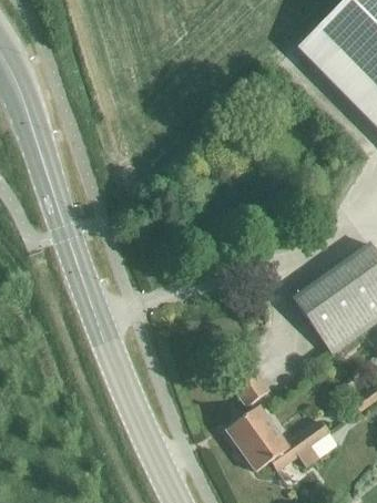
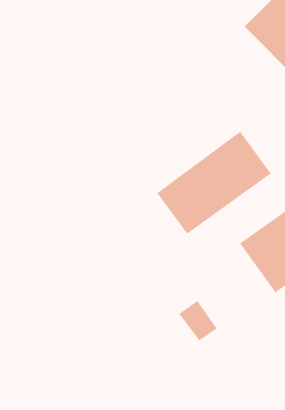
building: none -> [157,131,271,235]
building: [226,403,337,469] -> none

